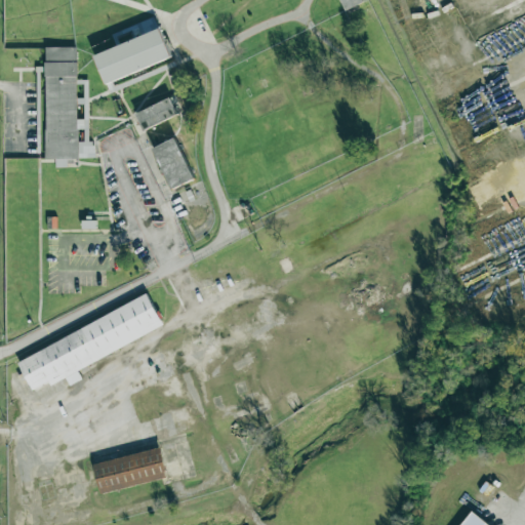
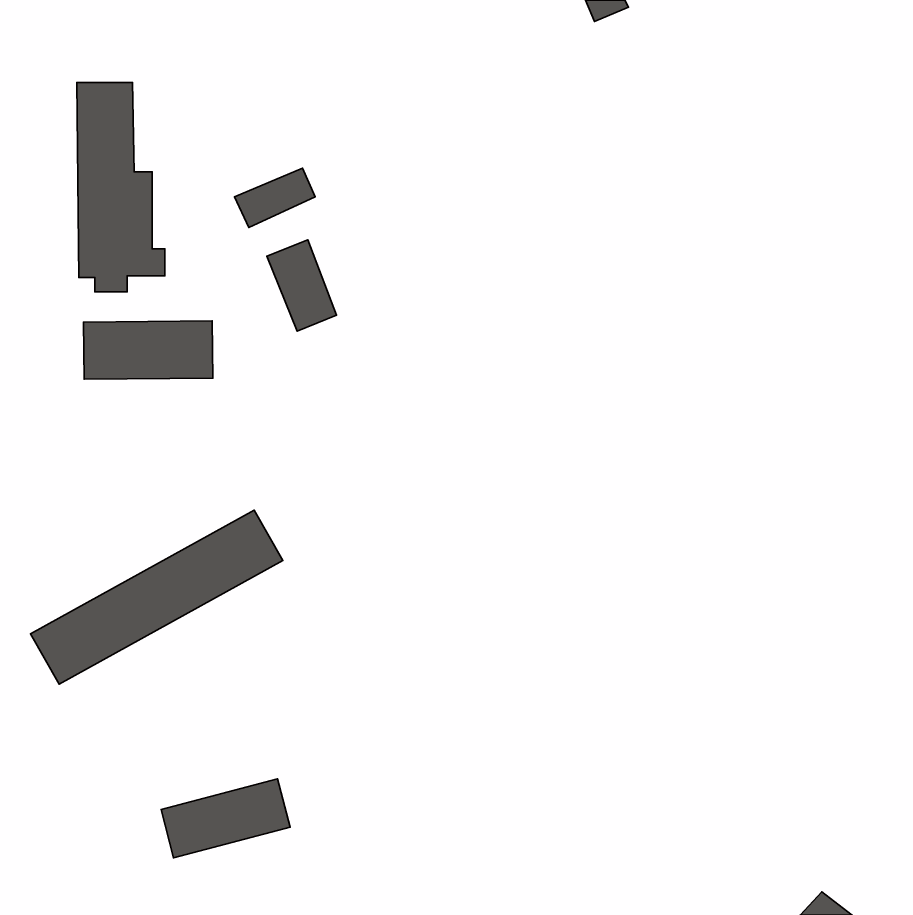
building: [94,18,171,83] -> none
building: none -> [83,321,213,379]

